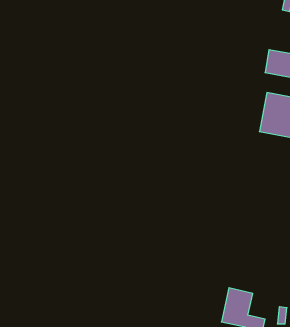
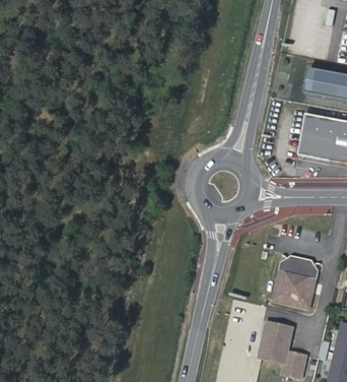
building: none -> [272,255,319,311]

